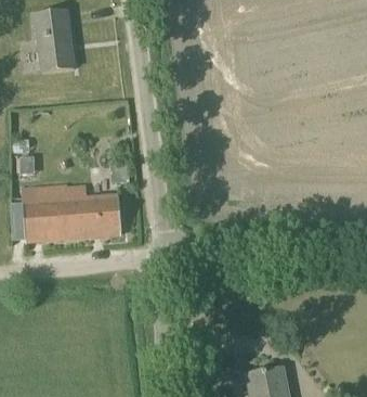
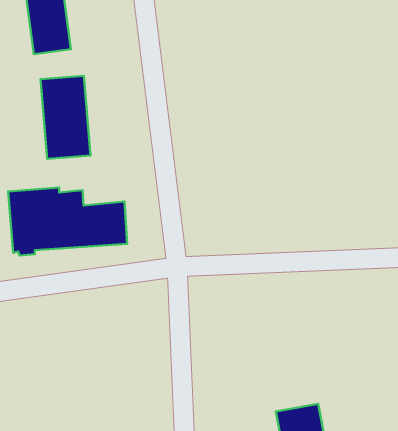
building: none -> [41,76,90,159]

